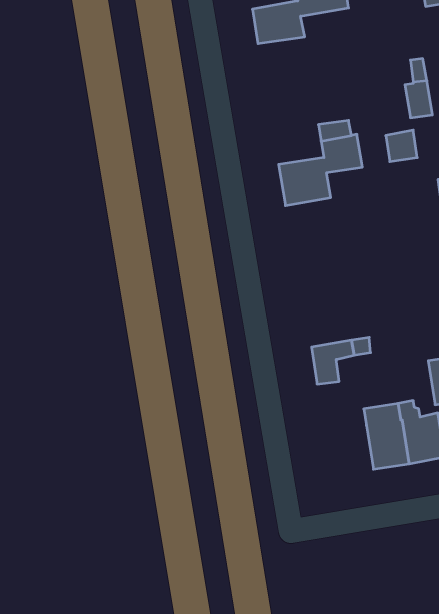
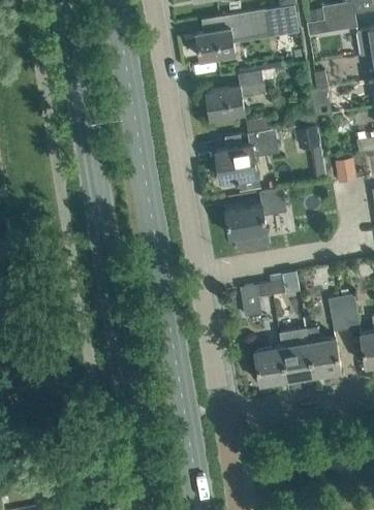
building: none -> [205,70,264,119]
building: none -> [224,188,285,250]
building: none -> [253,347,286,385]

